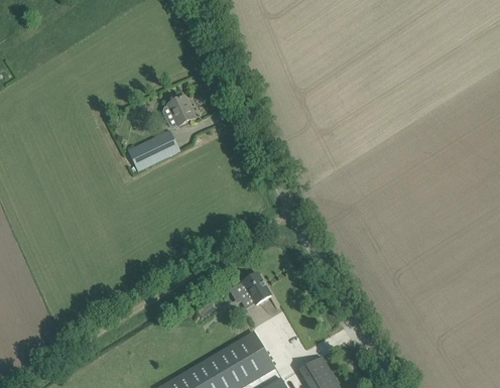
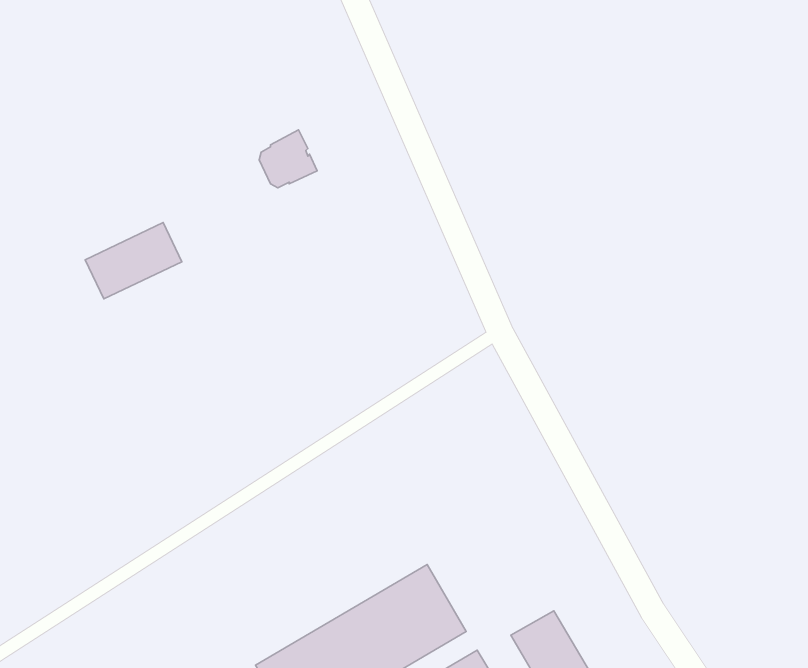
building: [127,130,179,171] -> [85,223,182,299]
building: [229,273,270,304] -> none

